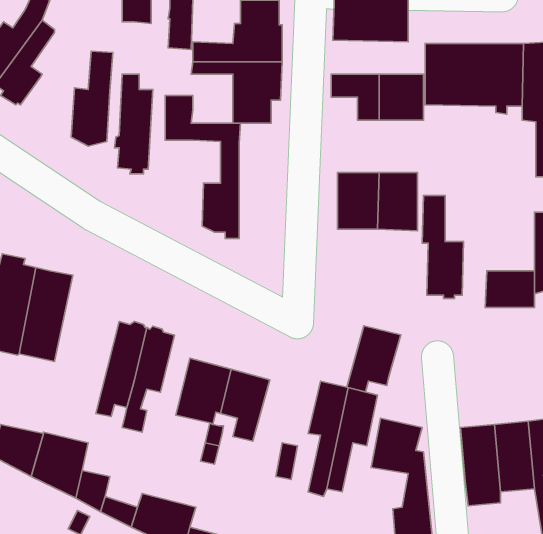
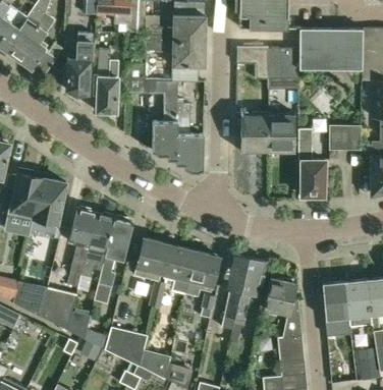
building: none -> [176,103,203,172]
building: [485,271,534,308] -> [329,126,362,151]
building: none -> [69,208,97,286]
building: [347,326,401,392] -> [185,253,221,296]

